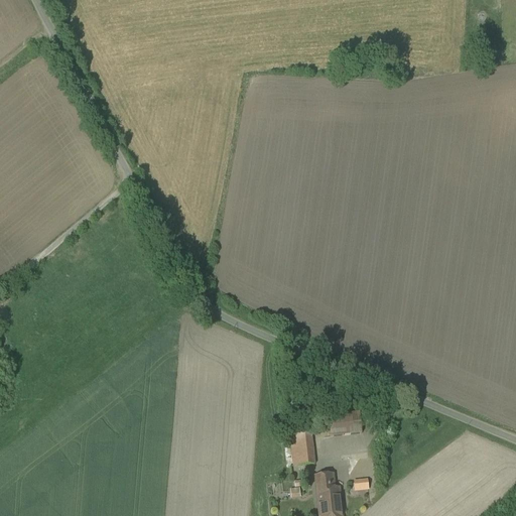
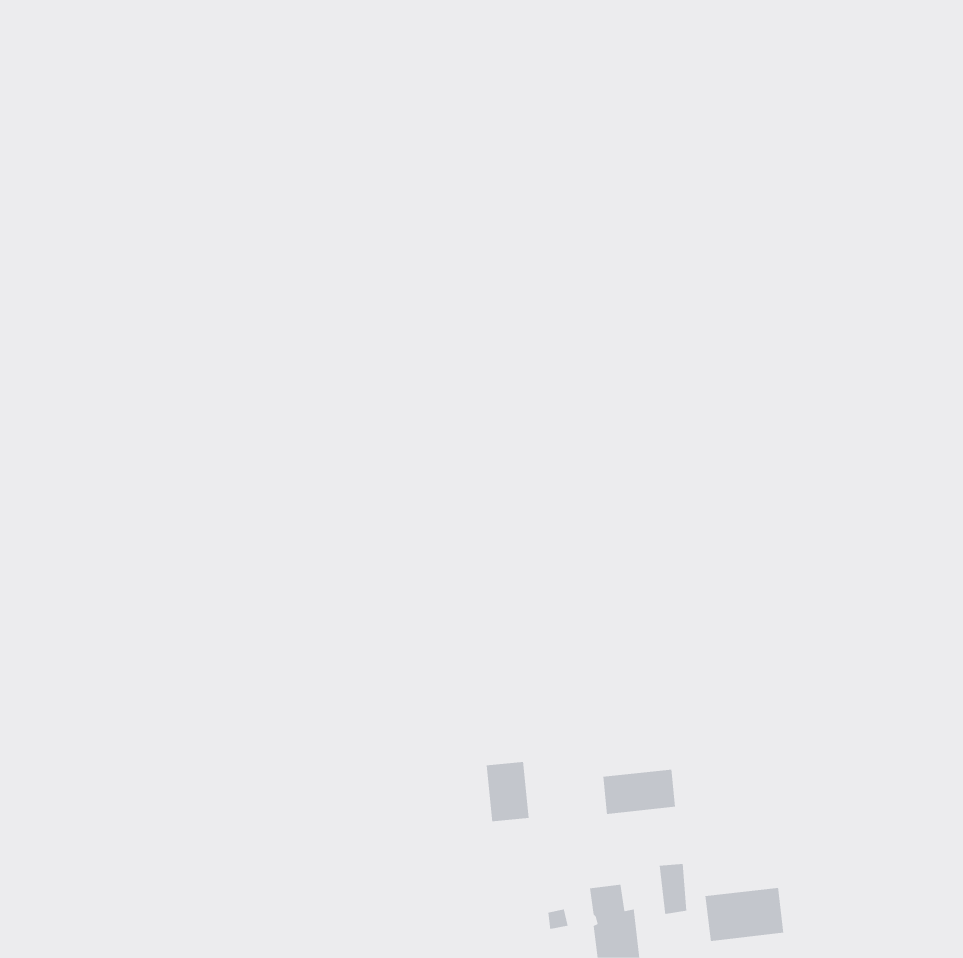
building: [291,431,314,464] -> [486,761,529,822]
building: none -> [705,887,784,942]

